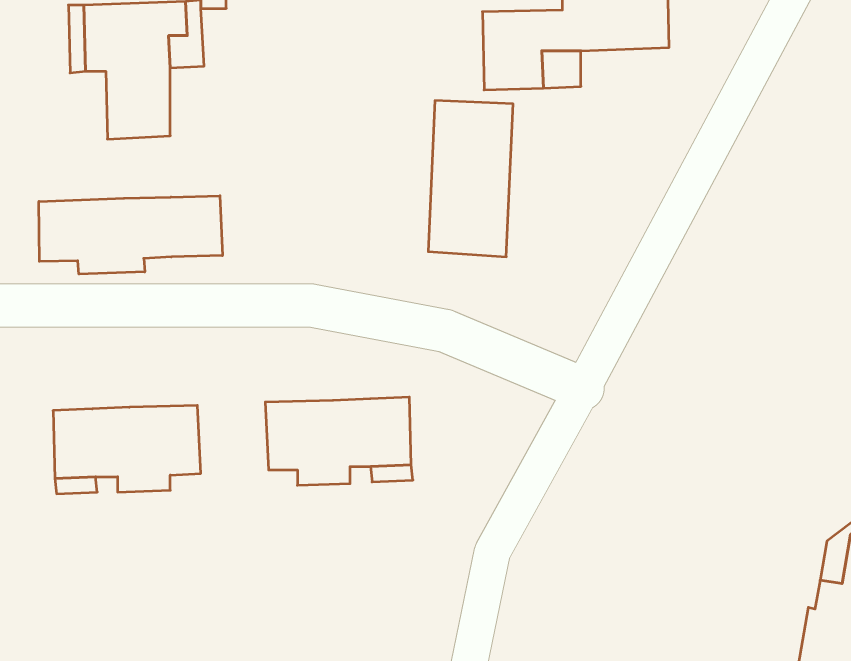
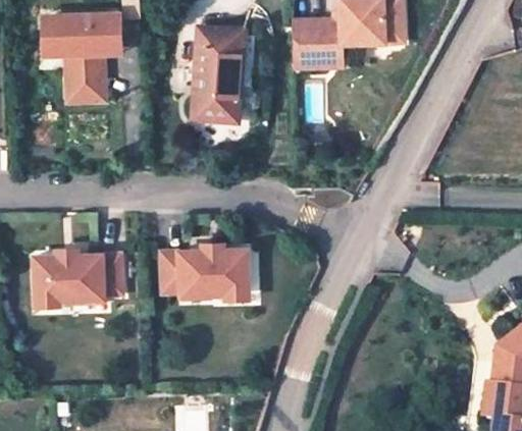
building: [428,101,513,257] -> [191,29,242,122]
building: [39,196,222,274] -> none

